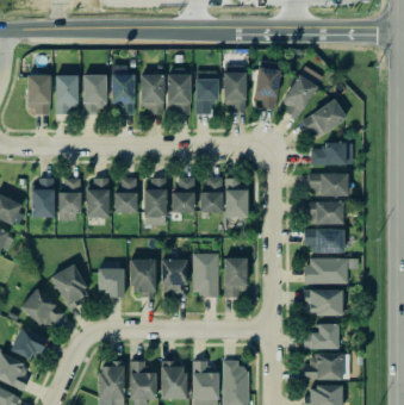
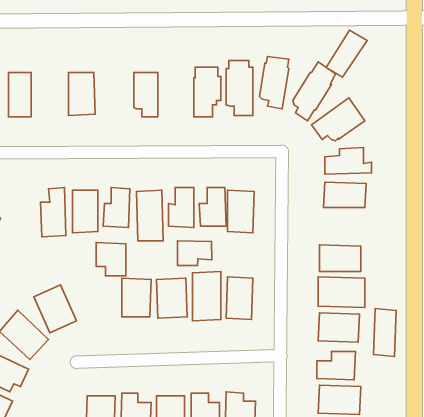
building: none -> [326,30,367,77]
building: [110,64,133,114] -> none
building: [166,68,189,113] -> none
building: [55,75,79,112] -> none
building: [31,180,54,218] -> none
building: [302,201,343,225] -> none
building: none -> [178,241,212,266]
building: [98,268,124,298] -> [96,242,126,276]
building: none -> [374,309,396,356]

